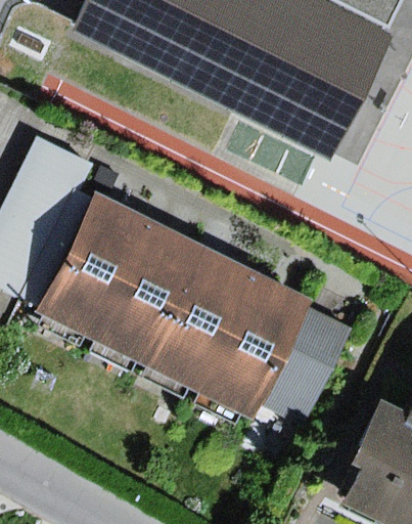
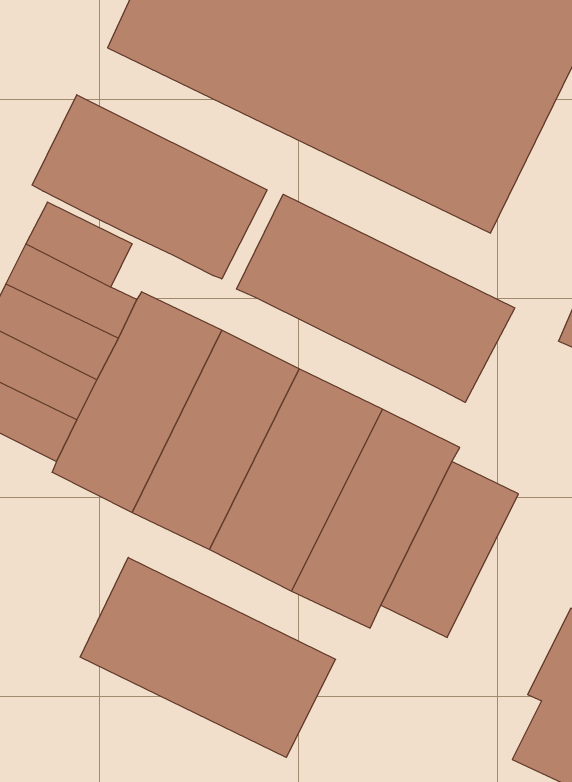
building: none -> [32,95,267,279]
building: none -> [237,194,515,402]
building: none -> [80,557,336,757]

